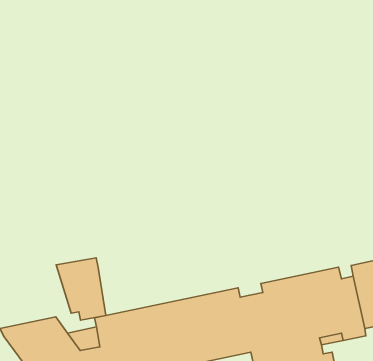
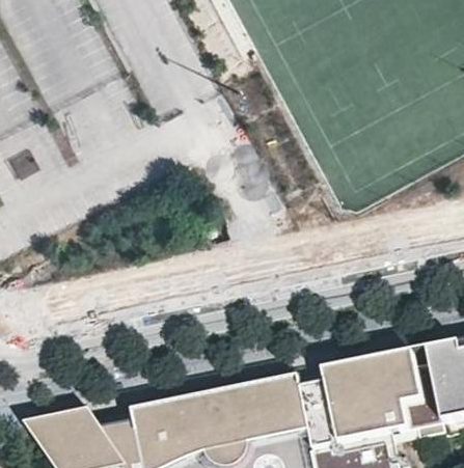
building: [56,258,106,320] -> none

